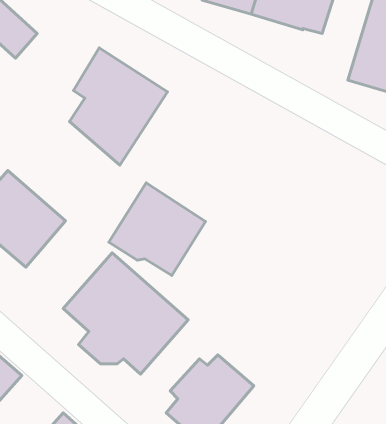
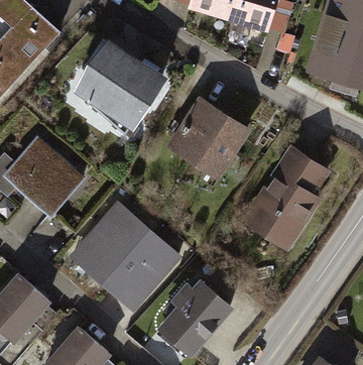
building: [109,183,205,276] -> [170,100,246,172]
building: none -> [251,150,316,245]

